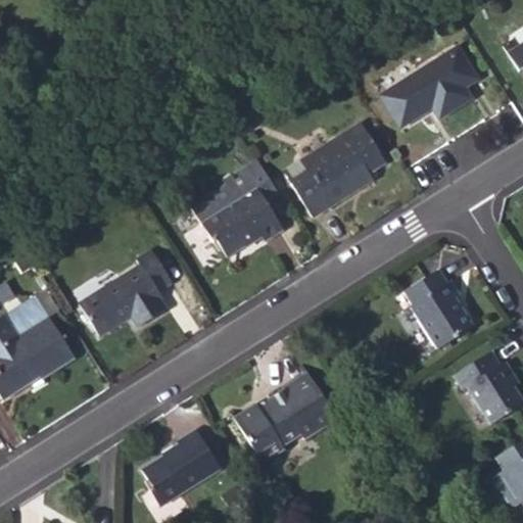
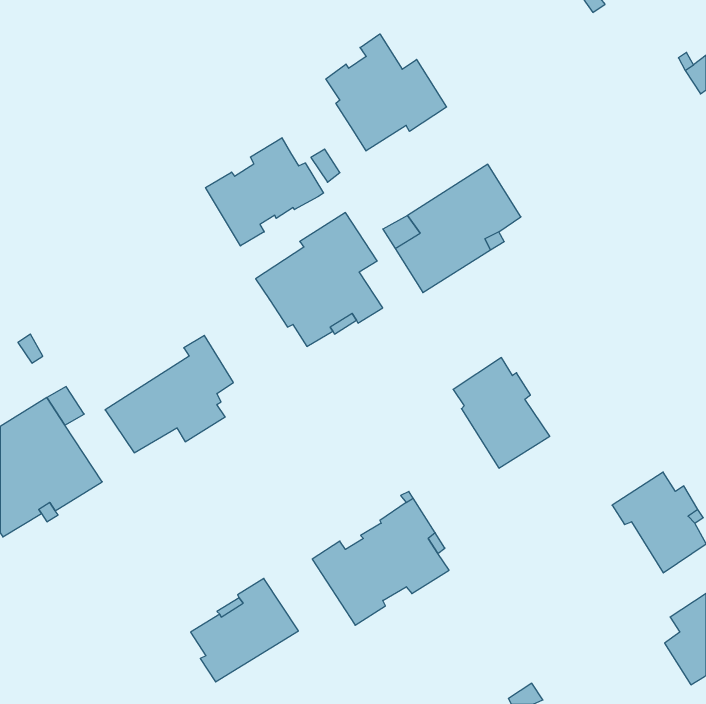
building: none -> [326,34,447,151]
building: [380,46,476,128] -> none
building: none -> [206,138,324,246]
building: [402,268,474,349] -> [453,358,550,468]

